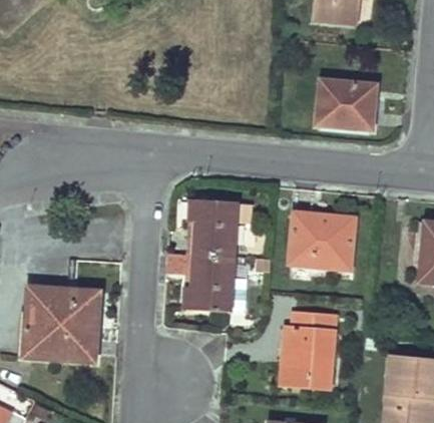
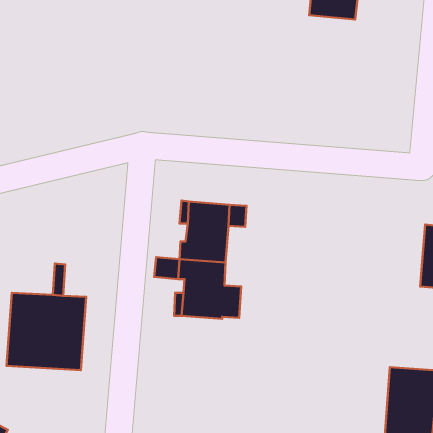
building: [315,79,376,129] -> none
building: [289,214,352,267] -> none
building: [281,313,335,387] -> none

